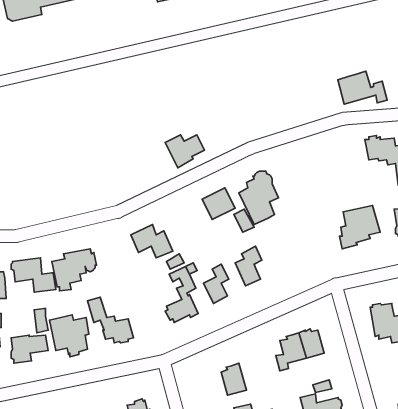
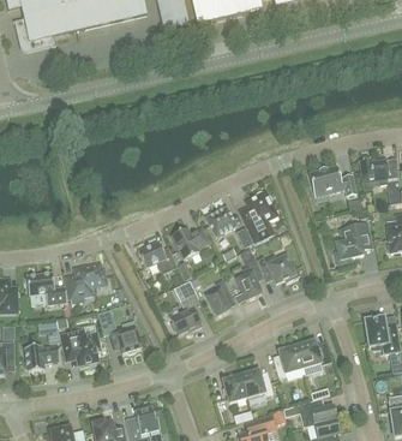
building: [338,71,387,104] -> [310,165,356,196]
building: [165,135,205,168] -> [172,227,209,258]
building: none -> [257,254,299,282]
building: none -> [240,369,274,397]

